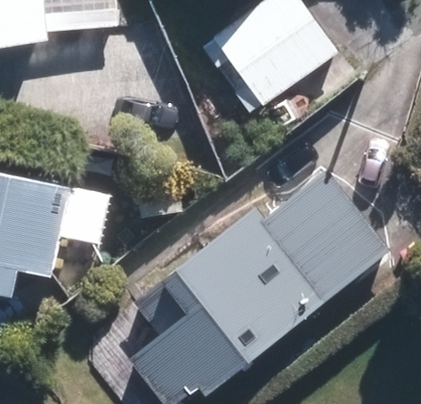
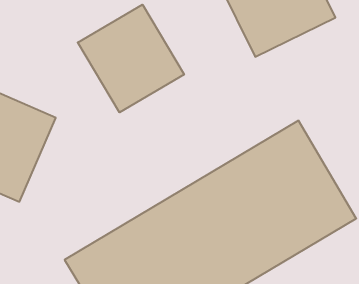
building: none -> [78,5,184,112]

